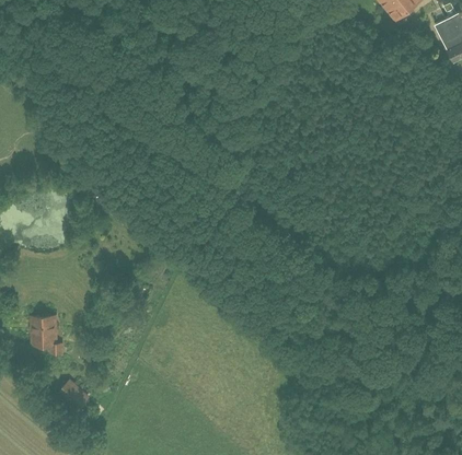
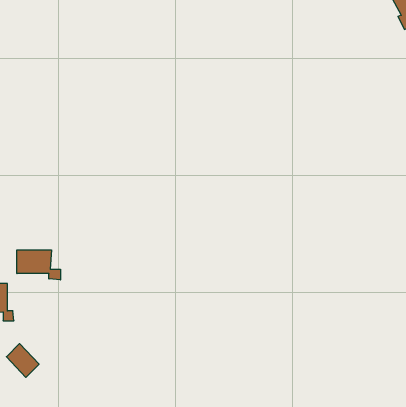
building: none -> [17,250,60,280]

